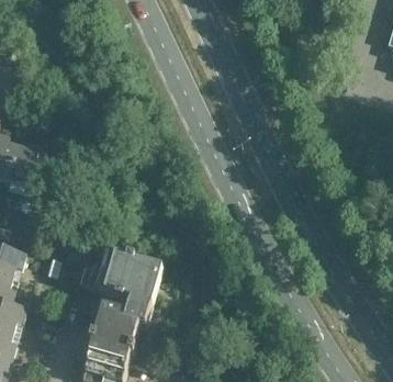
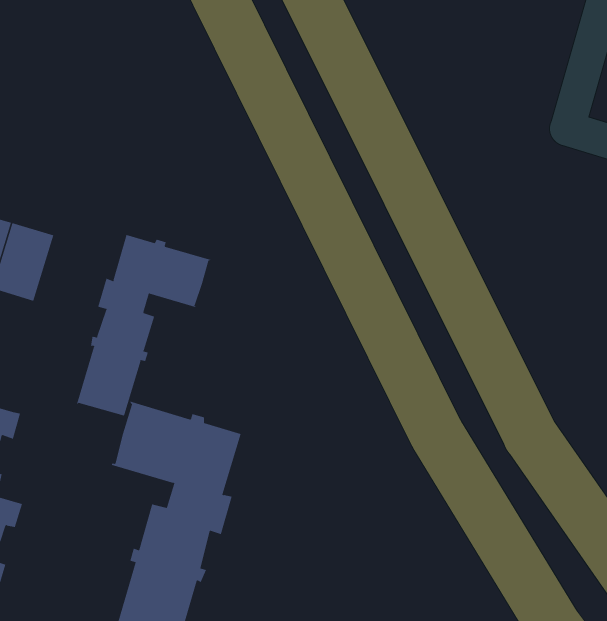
building: none -> [76,234,212,418]

